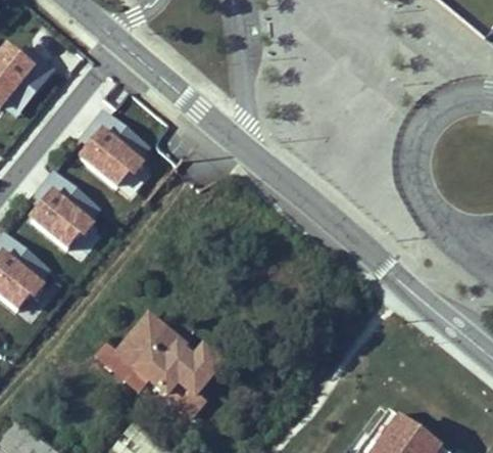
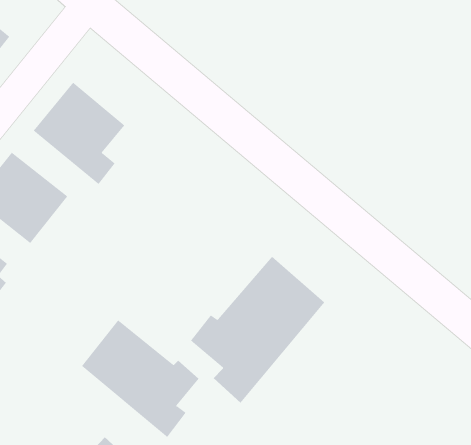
building: none -> [190,256,325,403]

